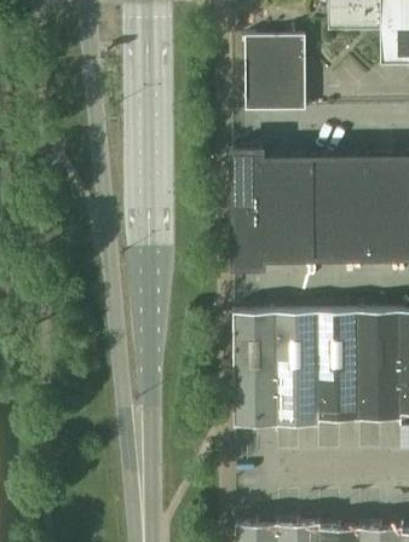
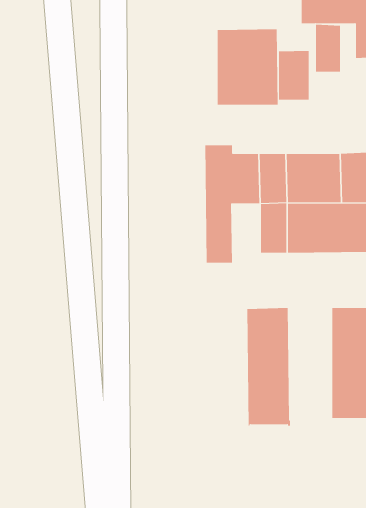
building: none -> [315,24,340,72]
building: none -> [278,50,309,101]
building: [263,209,290,267] -> none
building: [318,311,361,421] -> none
building: [235,312,278,427] -> none

